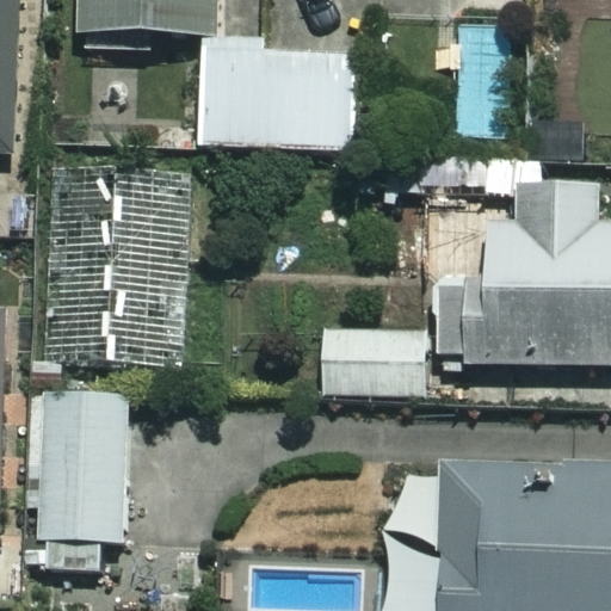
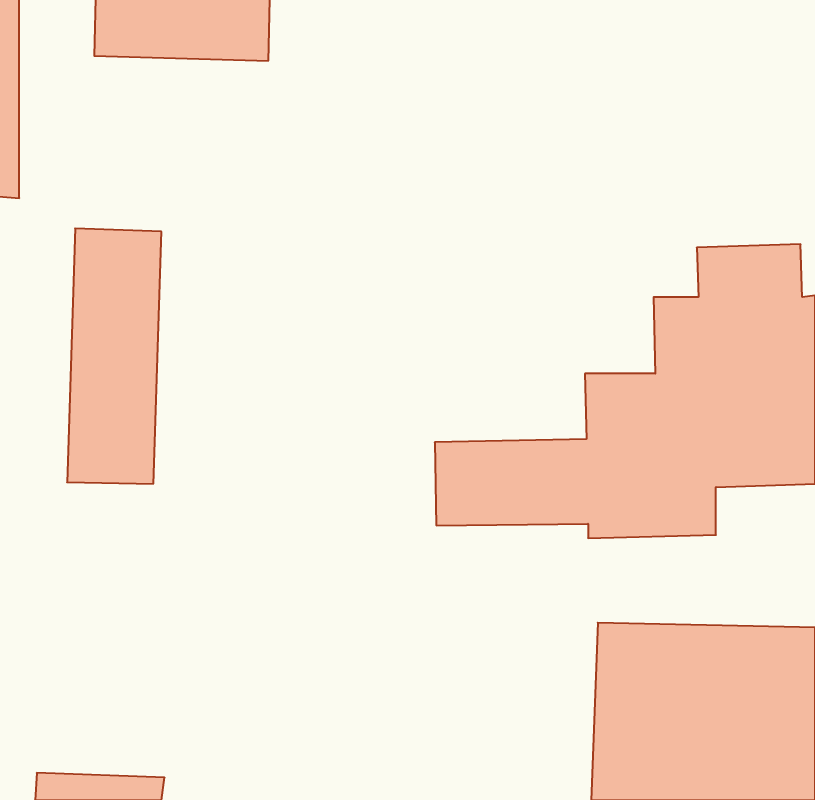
building: [202,48,358,147] -> none
building: [115,173,189,364] -> none
building: [39,394,124,537] -> none

